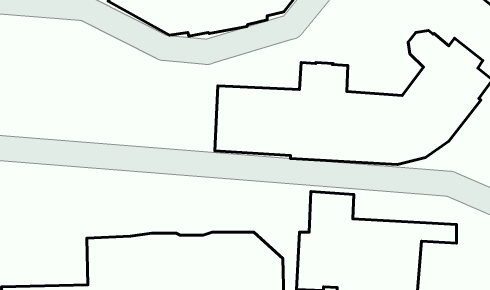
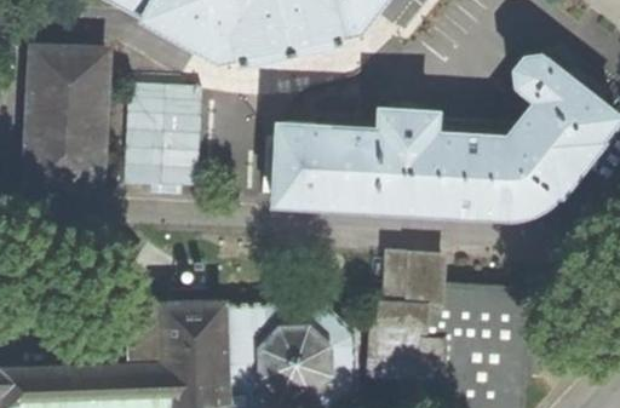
building: none -> [27,47,107,188]
building: none -> [124,79,205,183]

